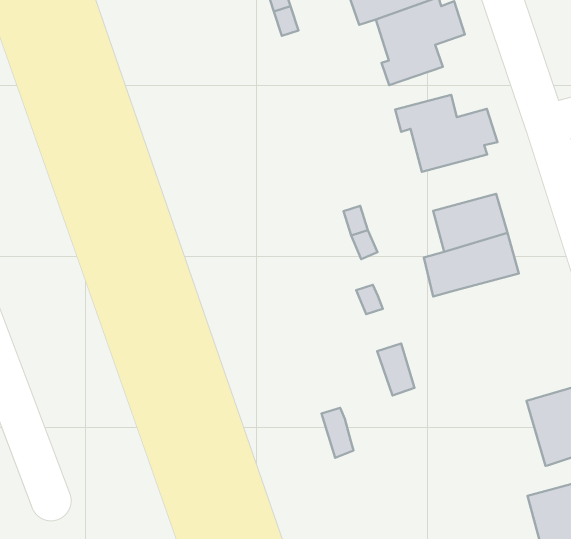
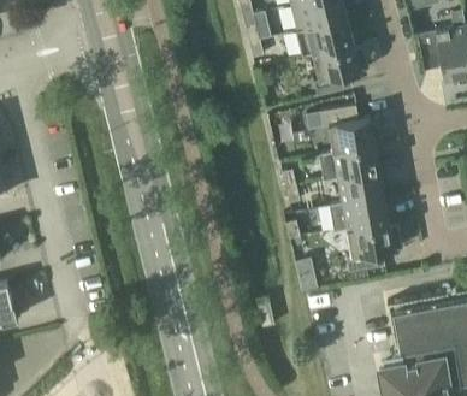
building: none -> [318,144,378,181]
building: none -> [345,221,401,272]

